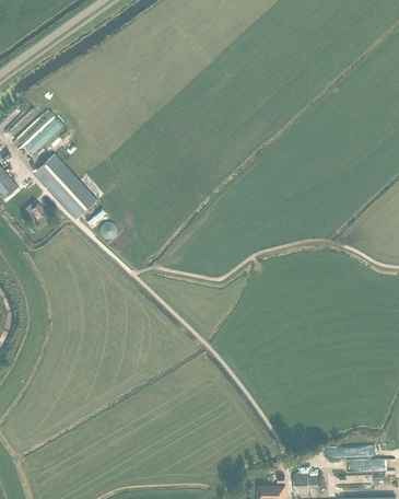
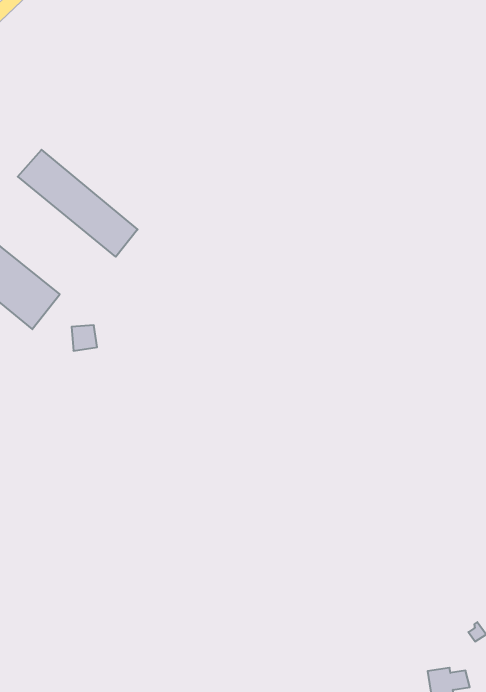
building: none -> [18,150,138,257]

